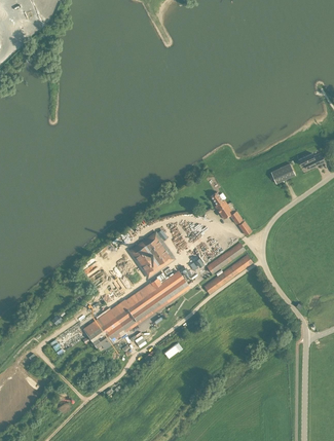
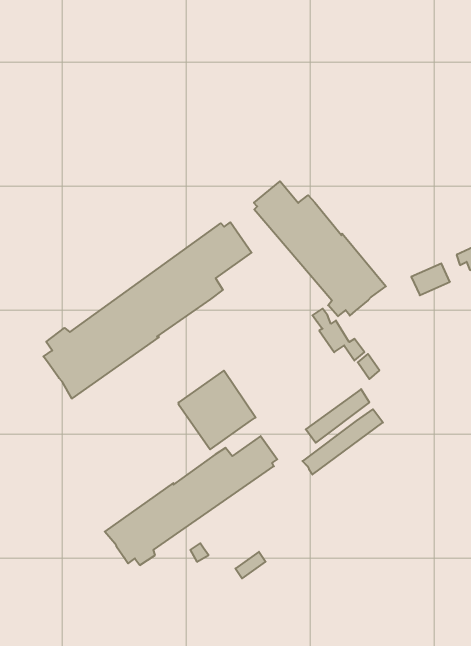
building: none -> [254,181,386,316]
building: none -> [43,222,252,399]

